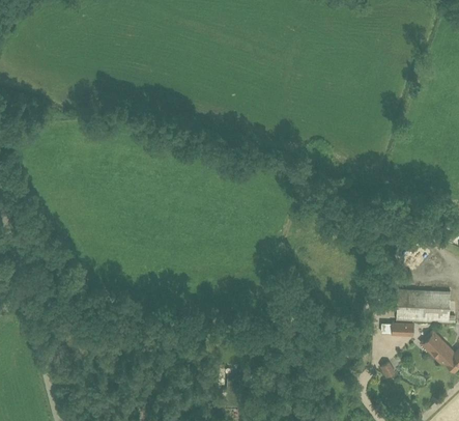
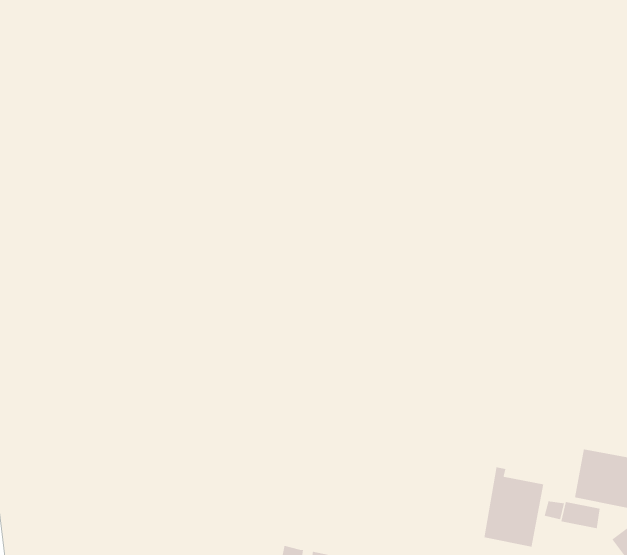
building: none -> [484,466,544,547]

